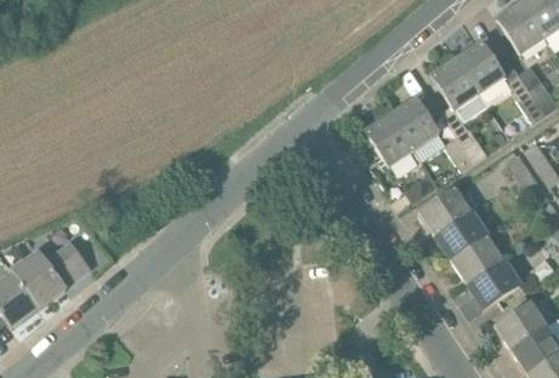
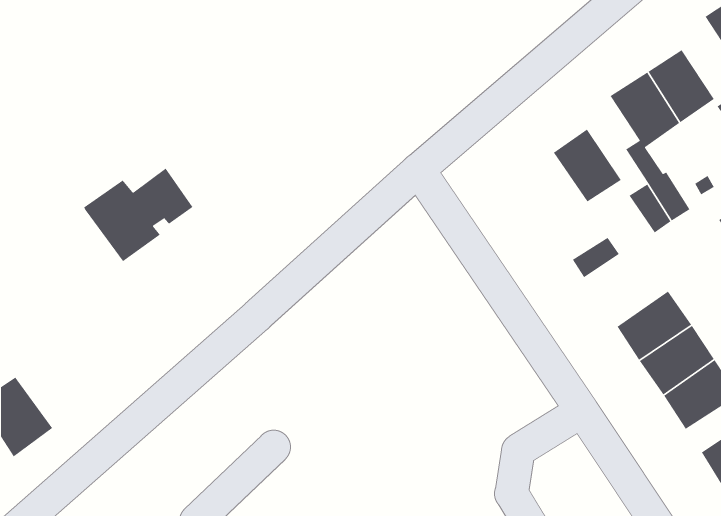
building: [365,114,415,166] -> none
building: [418,187,472,236] -> none
building: [11,241,89,308] -> [83,168,193,262]

